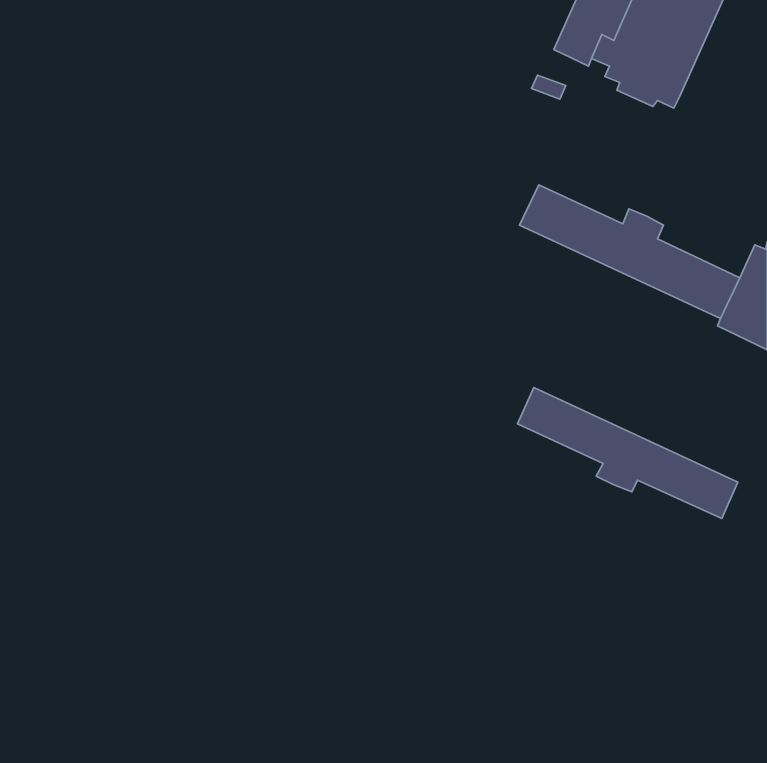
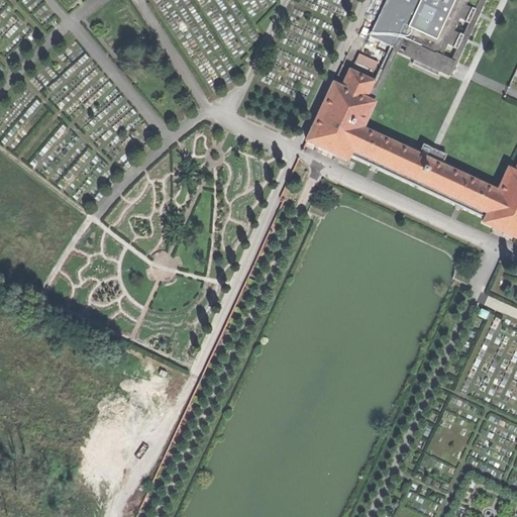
building: none -> [307,66,375,157]
building: [518,387,738,519] -> none

